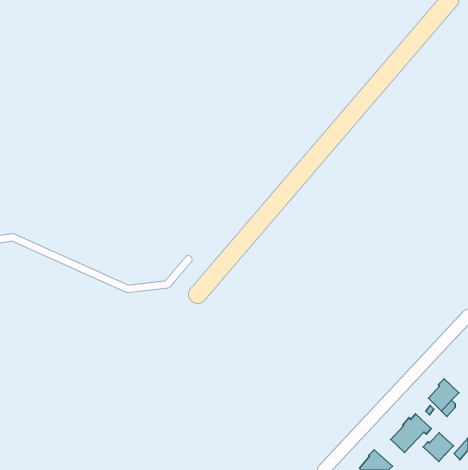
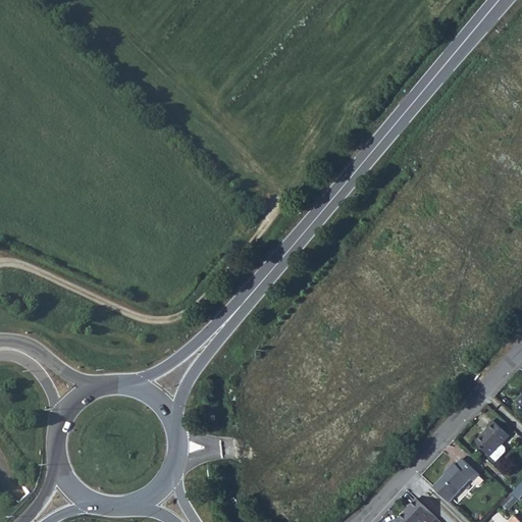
building: [423,433,454,461] -> none

